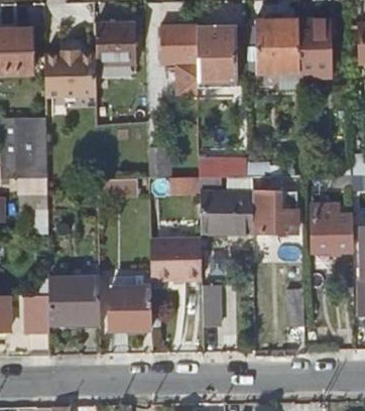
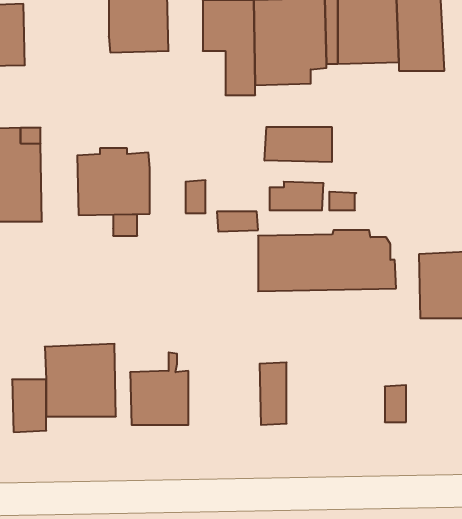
building: [44,50,96,98] -> [77,148,150,215]
building: none -> [265,127,332,162]
building: [150,239,202,281] -> none

